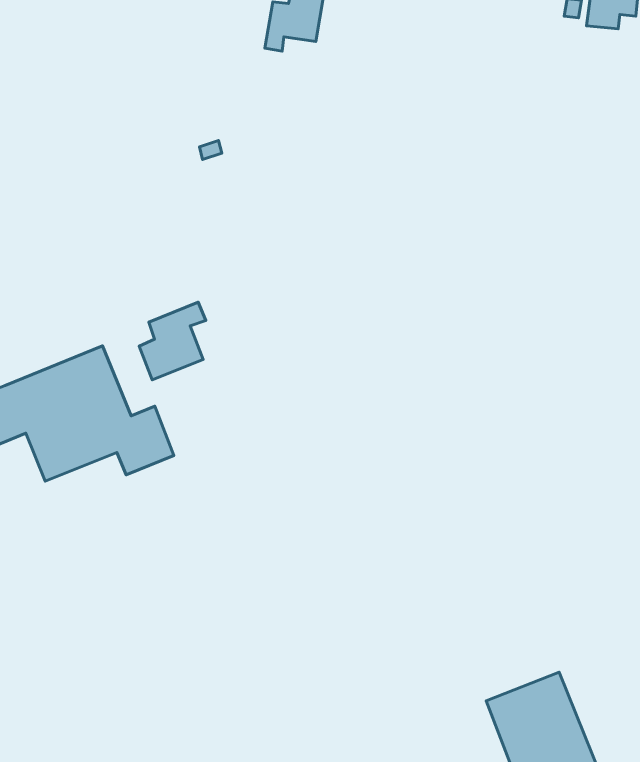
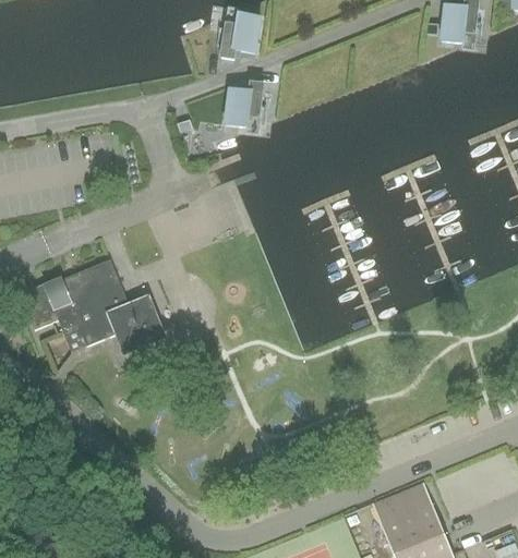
building: none -> [225,84,263,126]
building: [139,302,206,380] -> none

